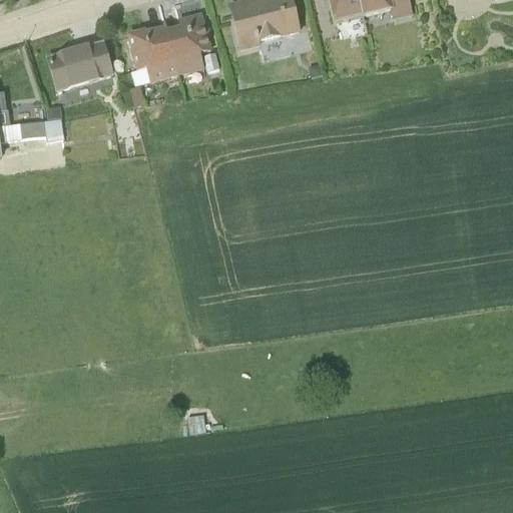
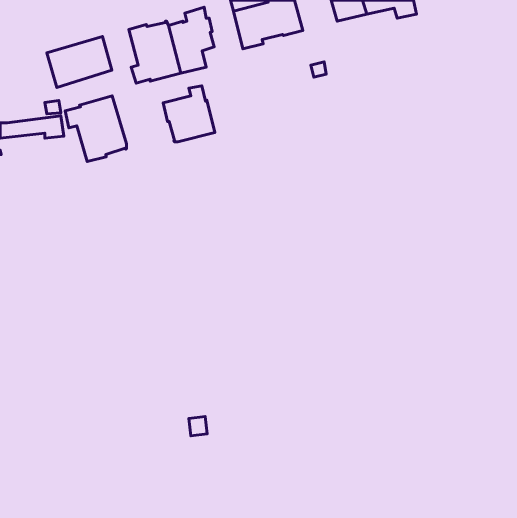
building: none -> [163,86,215,142]
building: none -> [65,96,127,162]

